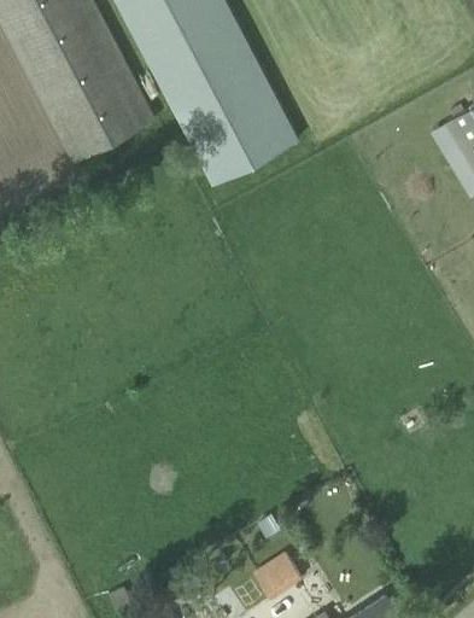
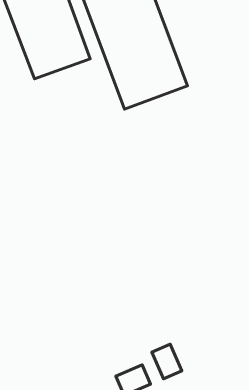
building: none -> [152,344,182,379]

